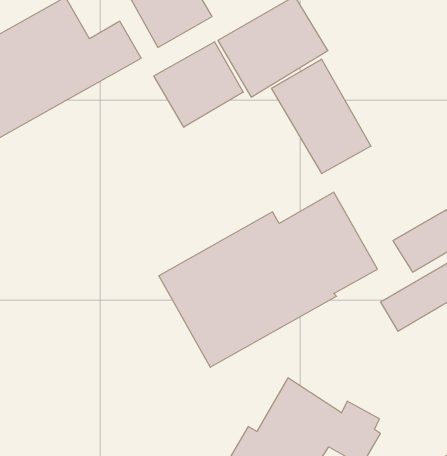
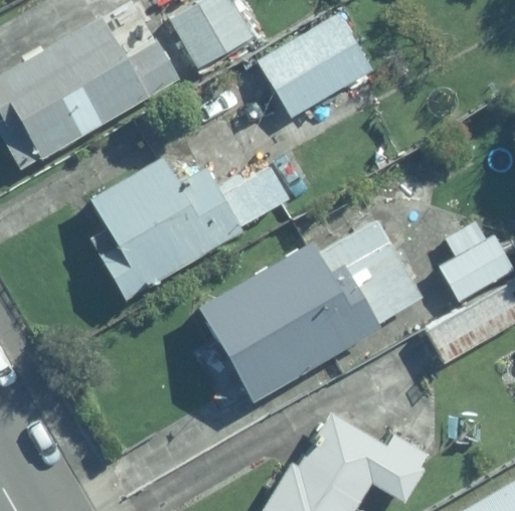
building: [154,42,243,127] -> none
building: [272,59,371,174] -> none
building: none -> [90,156,289,302]

